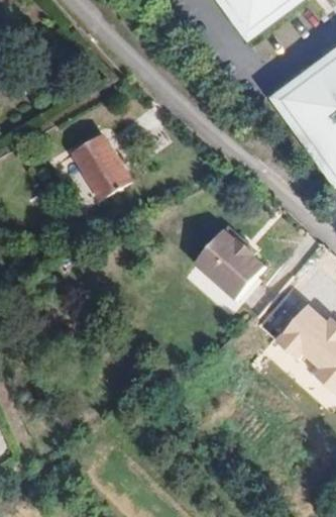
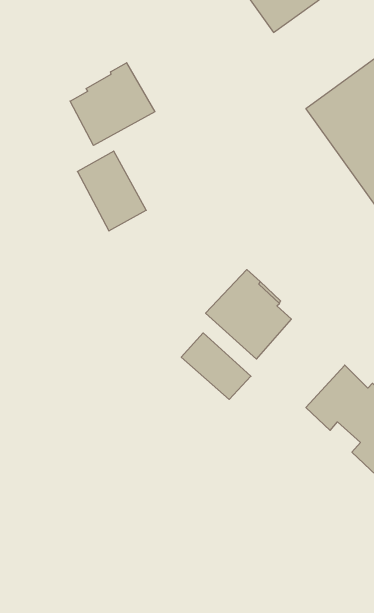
building: none -> [70,63,155,145]
building: none -> [181,333,251,399]

